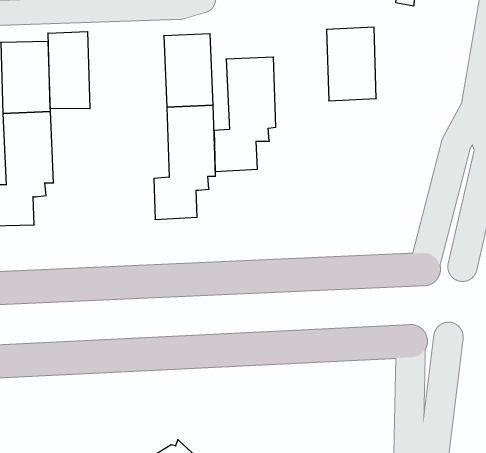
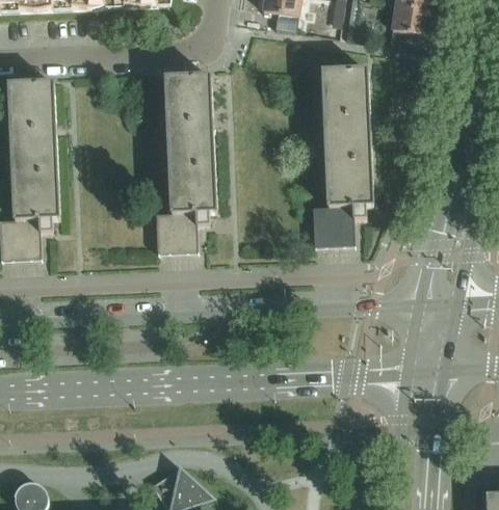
building: [48,32,90,109] -> none
building: [214,57,276,171] -> [312,135,371,245]

